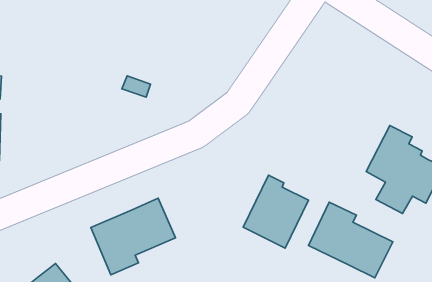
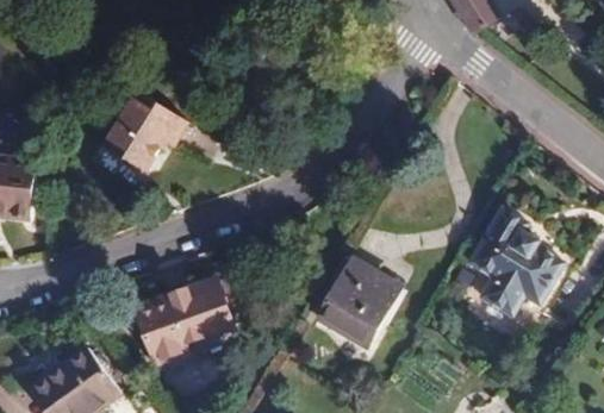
building: none -> [104,92,187,170]
building: [308,202,393,278] -> none

